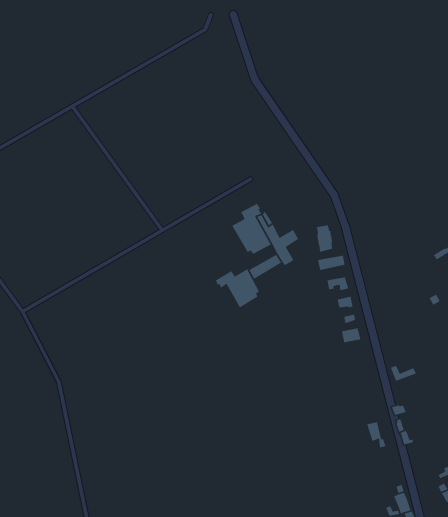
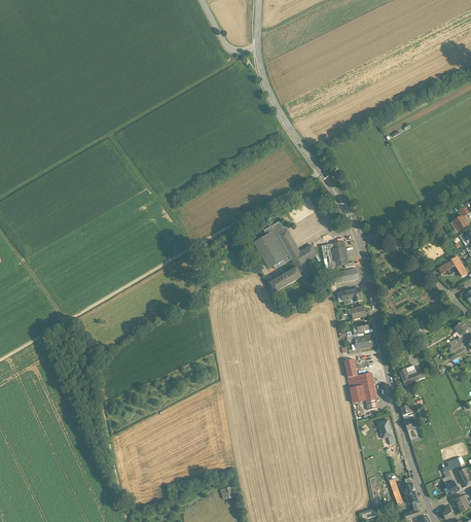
building: [215,268,260,308] -> none
building: none -> [342,358,376,409]

